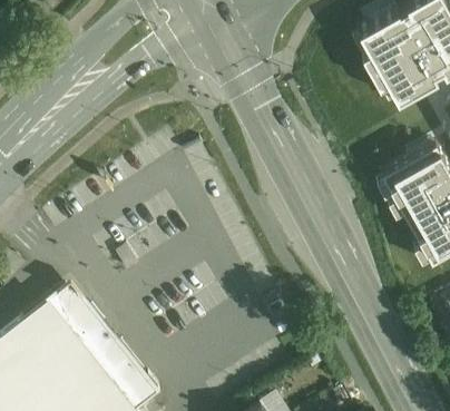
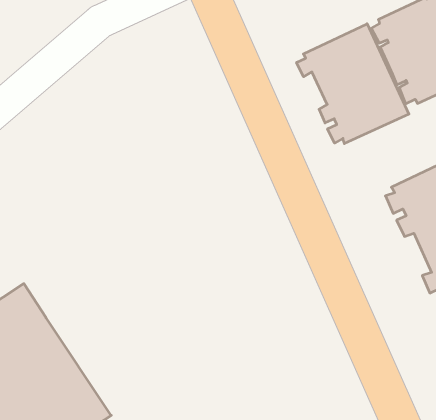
building: none -> [297,24,409,144]

